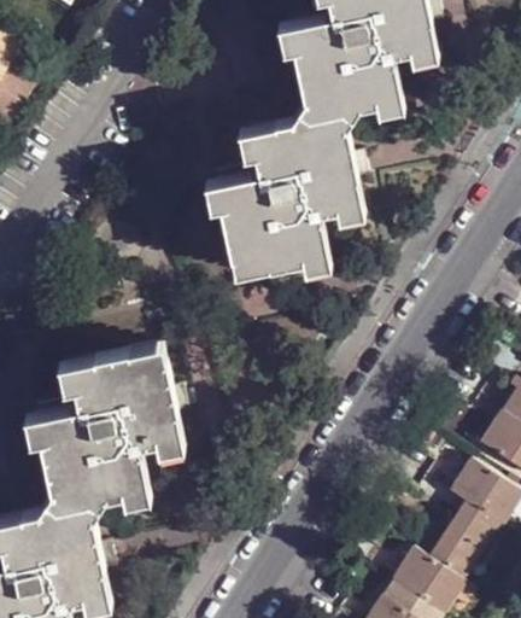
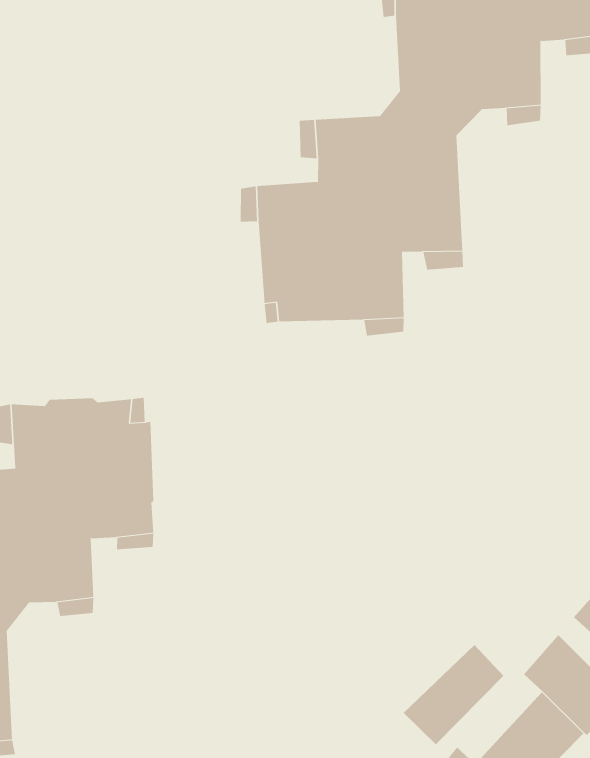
building: none -> [403,644,504,745]

